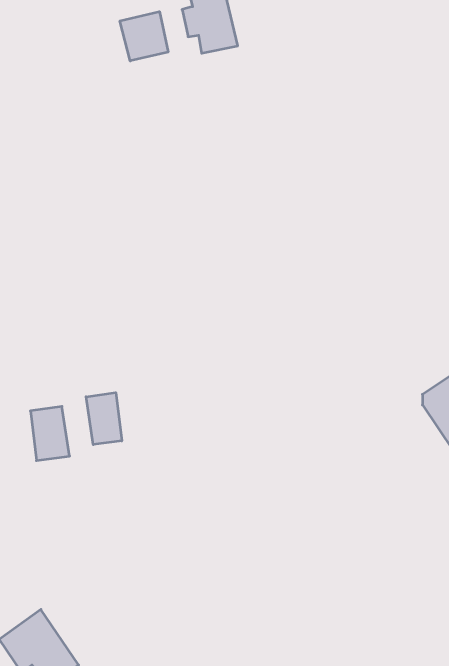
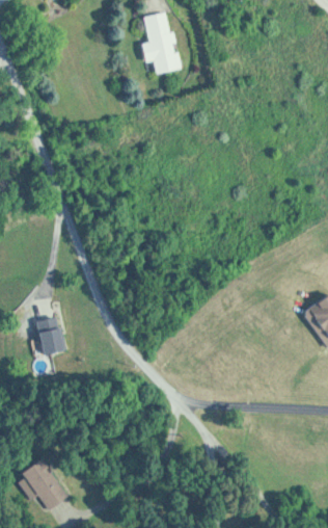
building: [120,12,168,61] -> none
building: [86,393,122,445] -> none

